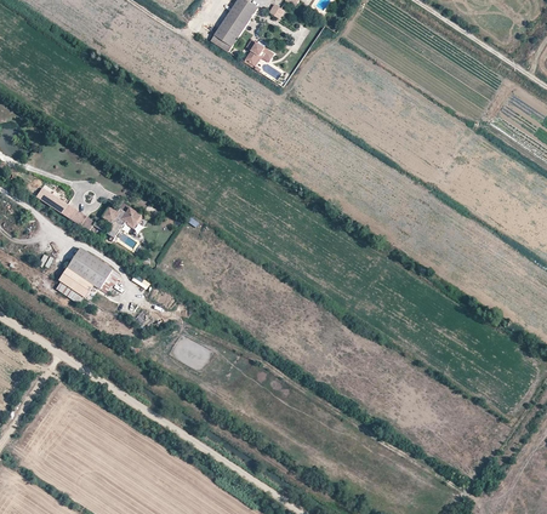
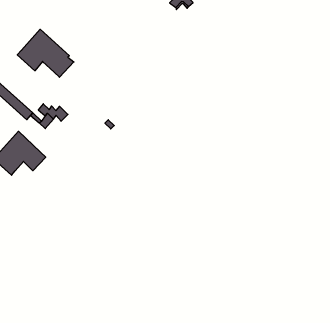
building: none -> [17,29,74,77]

